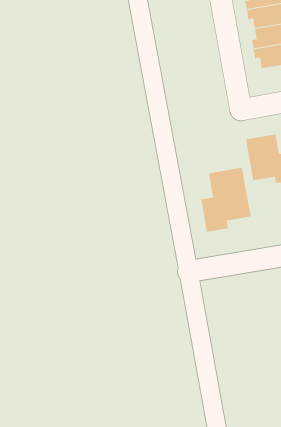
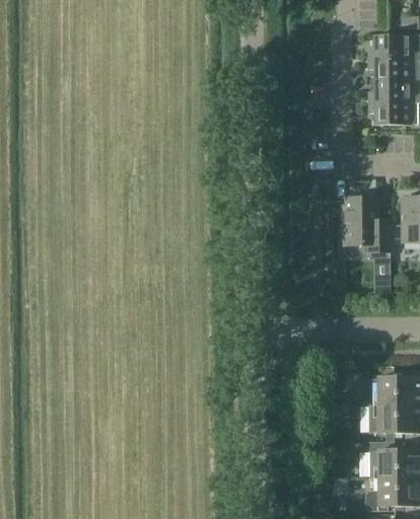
building: [201,167,251,233] -> none

